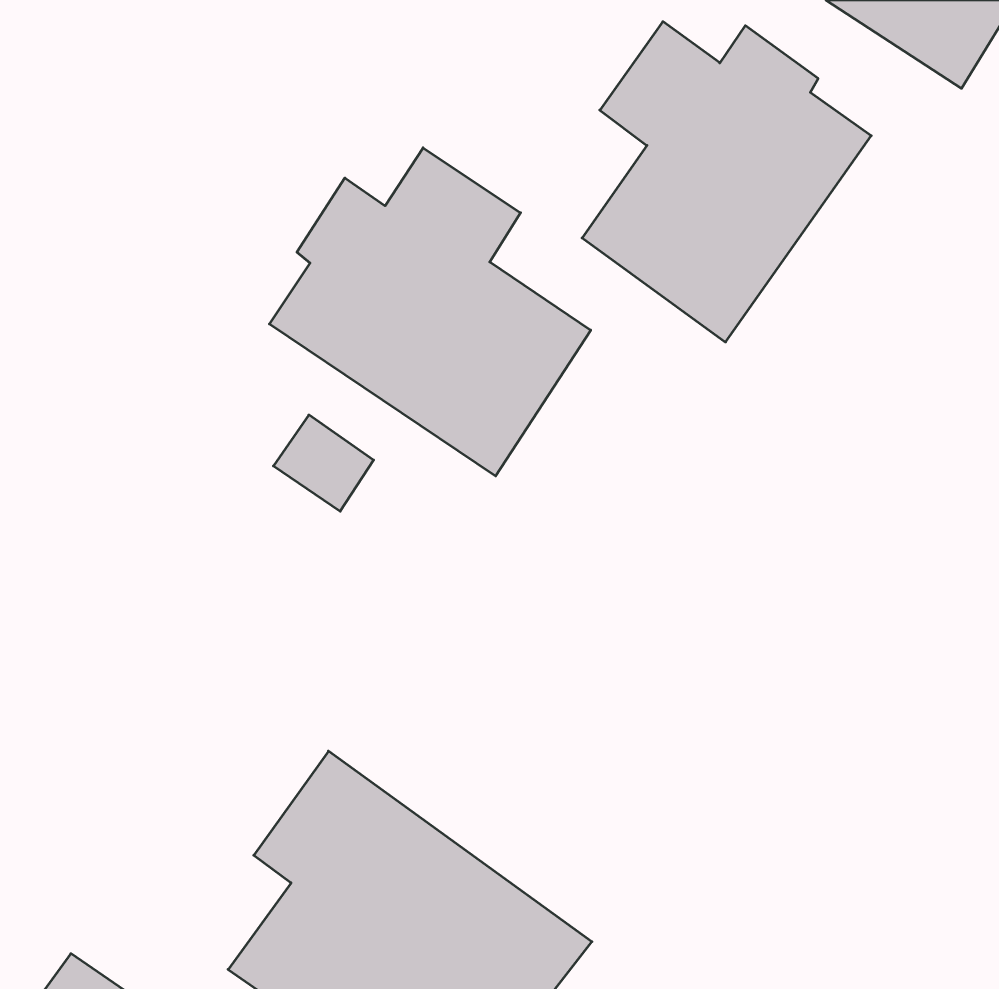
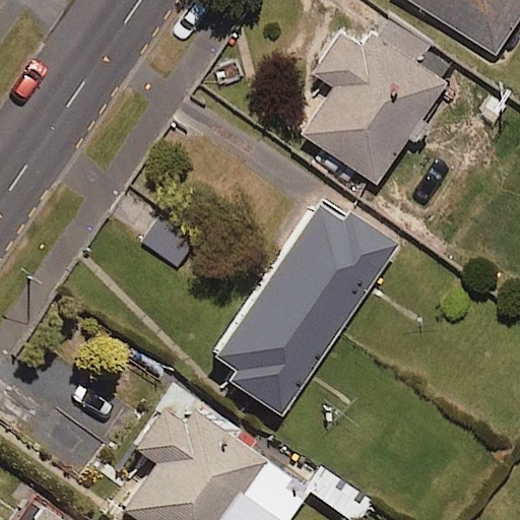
building: [269,148,591,476] -> none
building: none -> [210,197,395,417]

